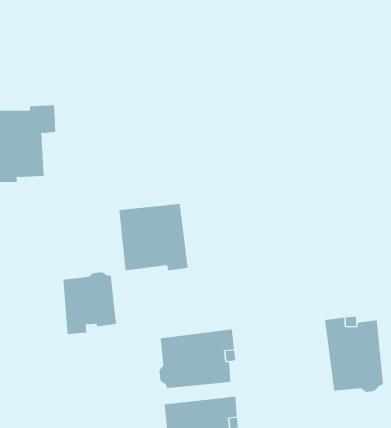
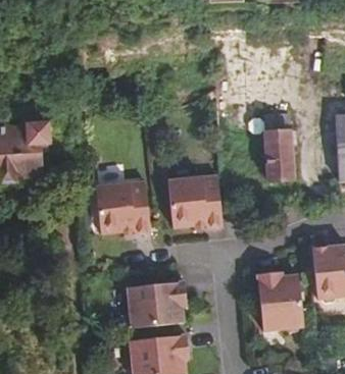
building: none -> [266,110,298,177]
building: none -> [166,176,221,228]
building: [63,272,117,335] -> none

